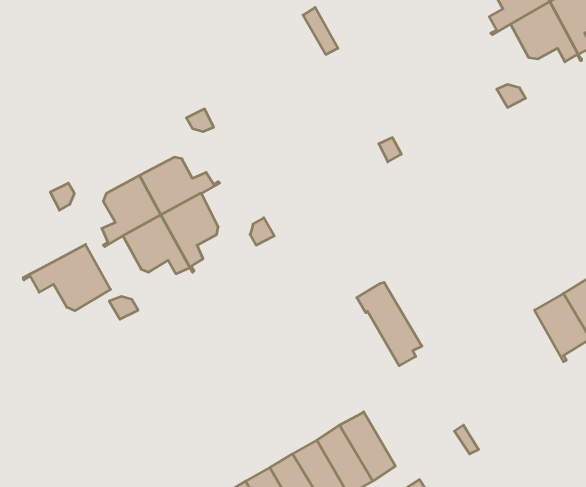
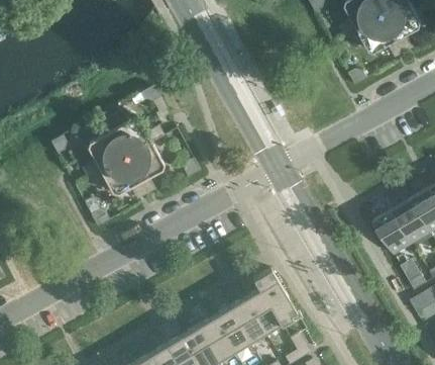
building: [23,244,111,311] -> none
building: [357,282,422,366] -> [252,269,296,325]

